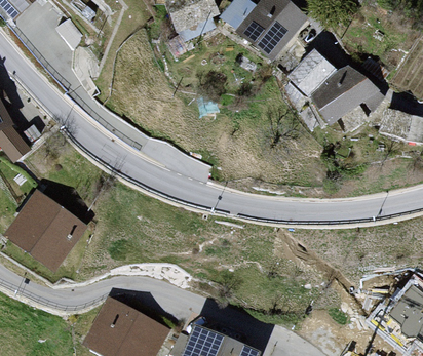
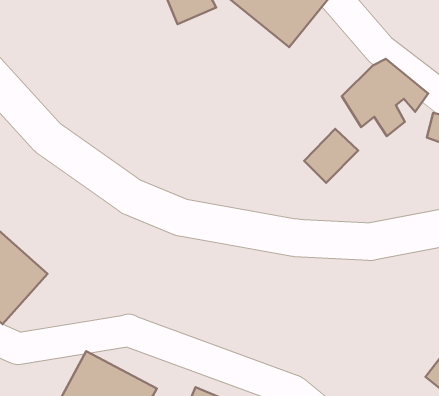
building: [291,48,334,91] -> [304,129,358,183]

